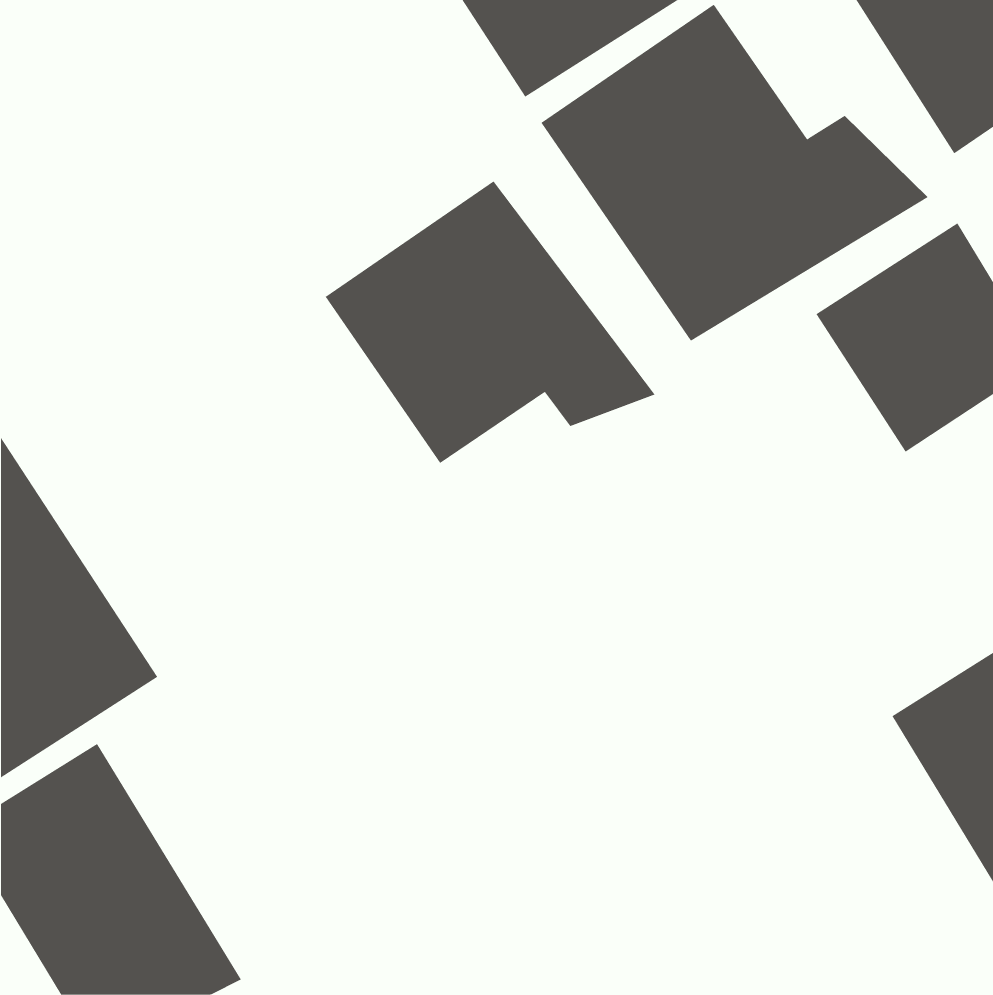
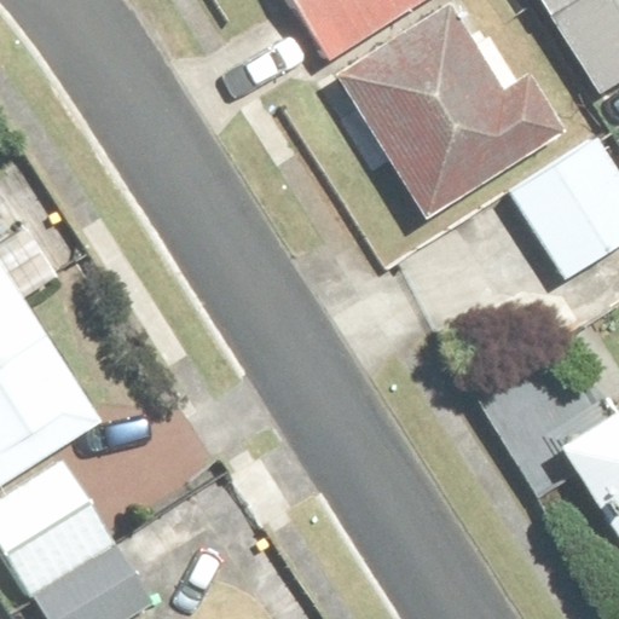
building: [325,180,656,464] -> none

